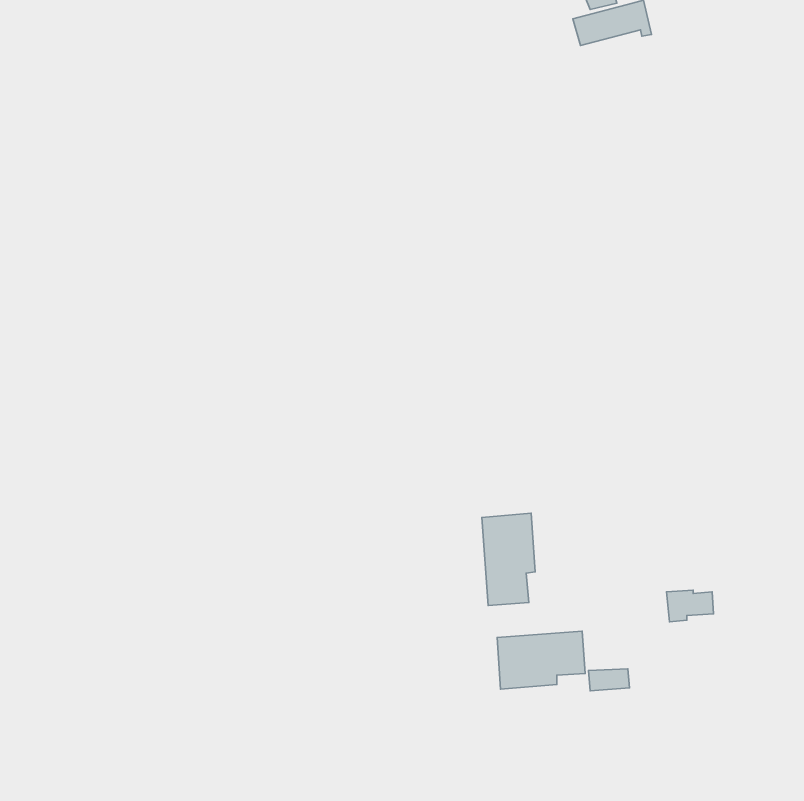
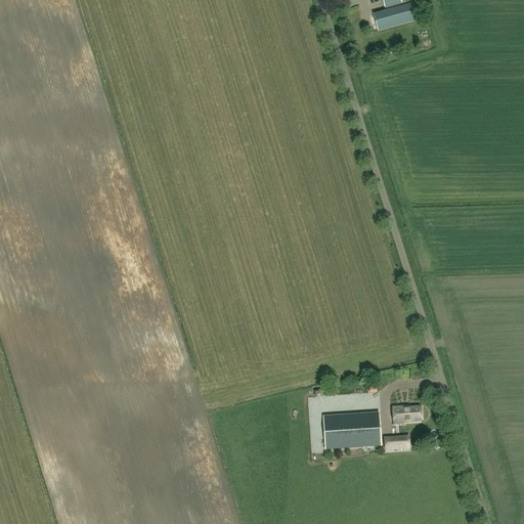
building: [482,513,535,606] -> none
building: [666,590,714,622] -> [391,404,422,425]

